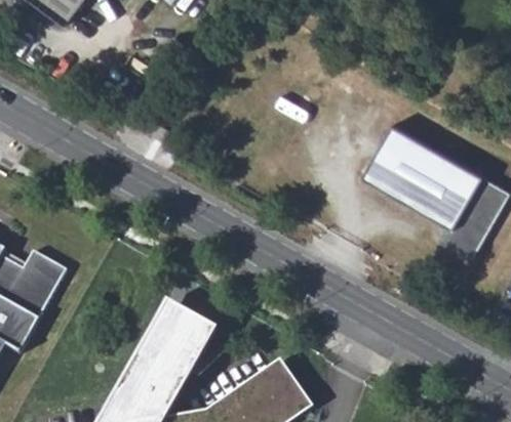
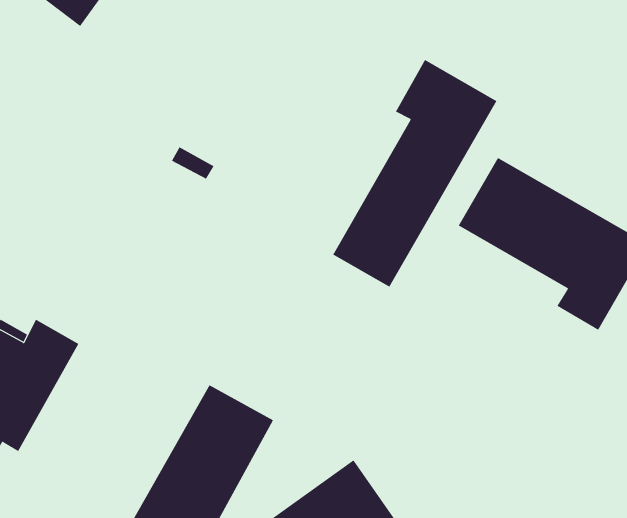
building: none -> [332,59,497,288]

